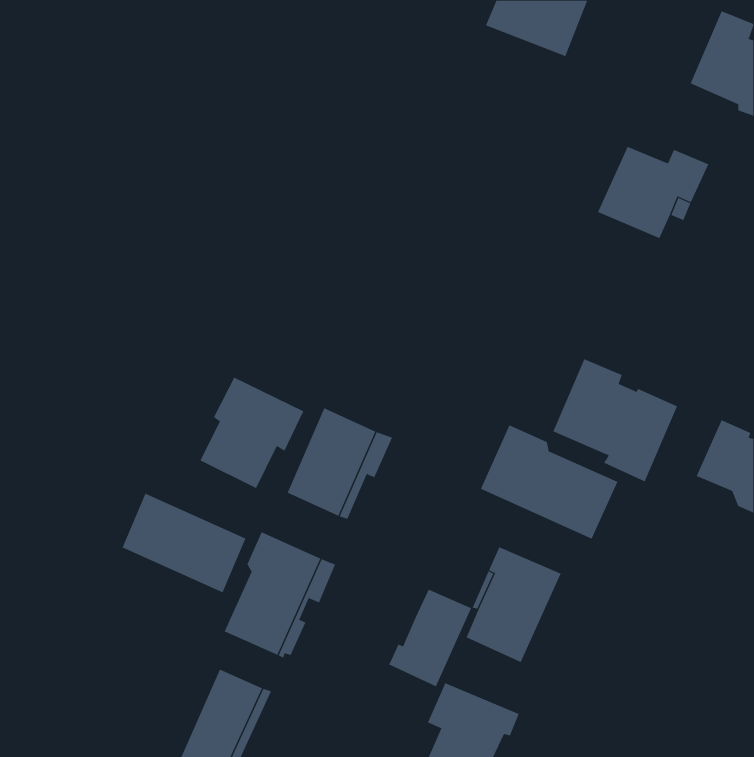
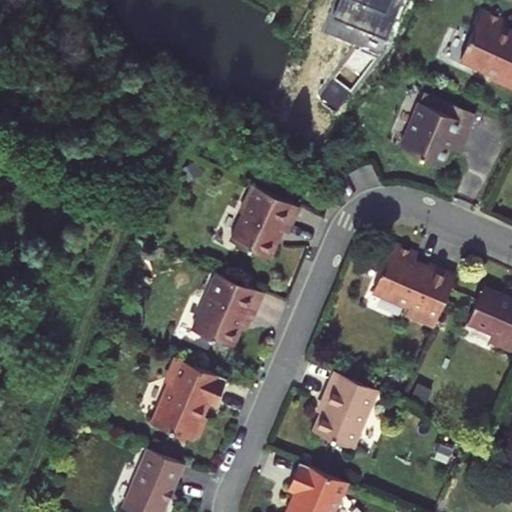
building: [200,377,304,489] -> [230,187,300,262]
building: [480,425,618,539] -> none
building: [122,493,246,593] -> none
building: [388,589,472,687] -> none

